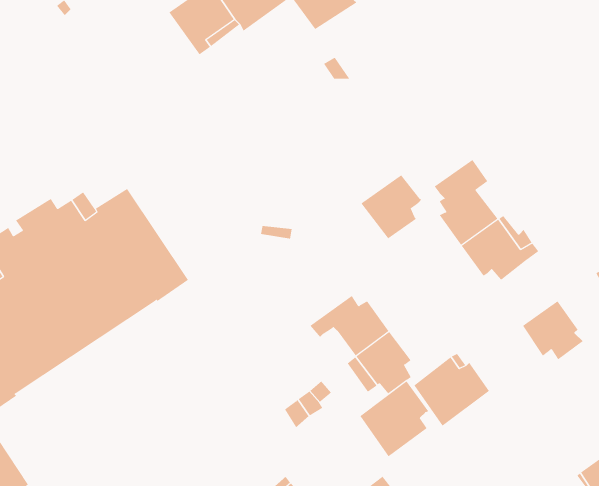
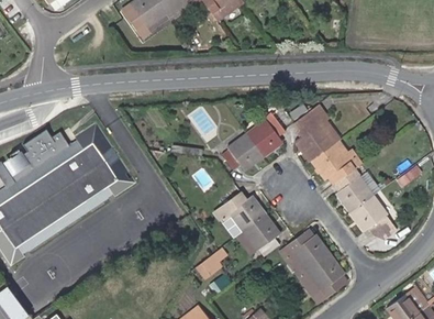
building: none -> [221,133,264,170]
building: none -> [336,170,374,212]
building: [359,380,429,457] -> [299,254,344,304]

